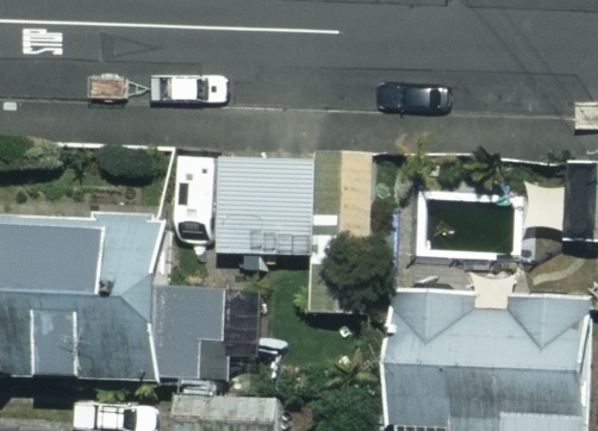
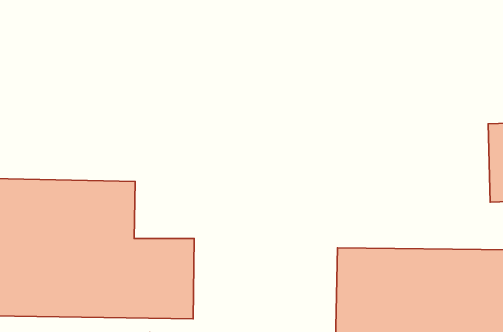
building: [177,157,316,256] -> none

